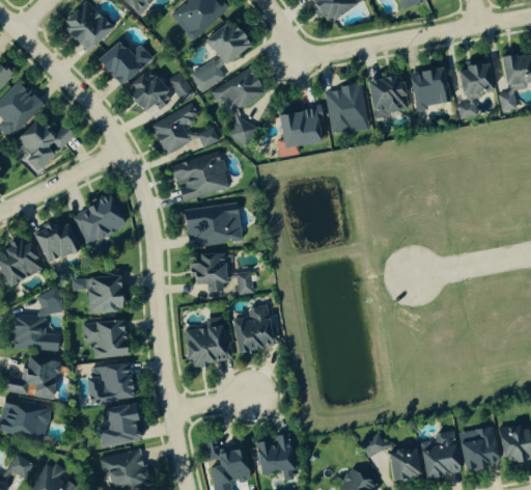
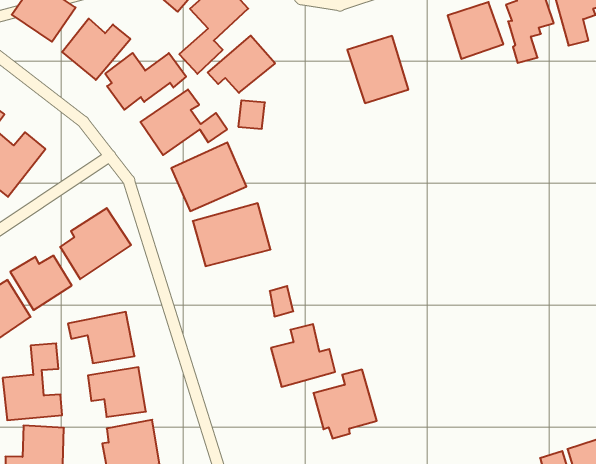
building: [367,74,409,116] -> none
building: [278,106,325,146] -> none
building: [191,253,226,292] -> none
building: [184,317,231,369] -> [313,370,377,438]

